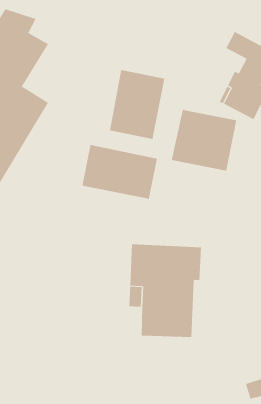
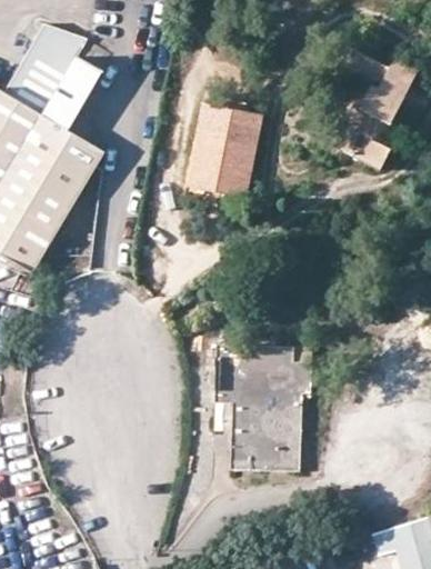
building: [171,109,237,172] -> none
building: [82,144,157,200] -> none

